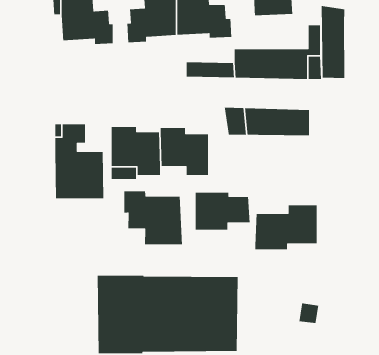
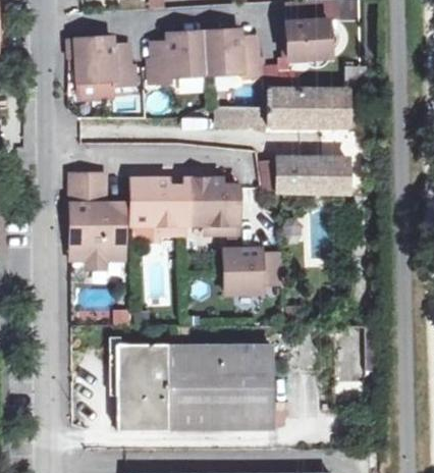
building: [321,5,345,79] -> none
building: [123,191,183,245] -> none
building: [255,204,318,250] -> none

